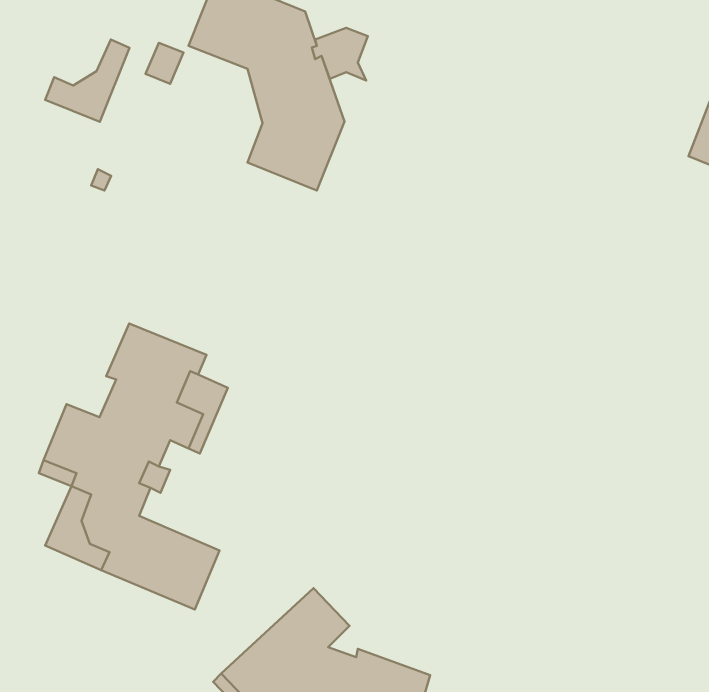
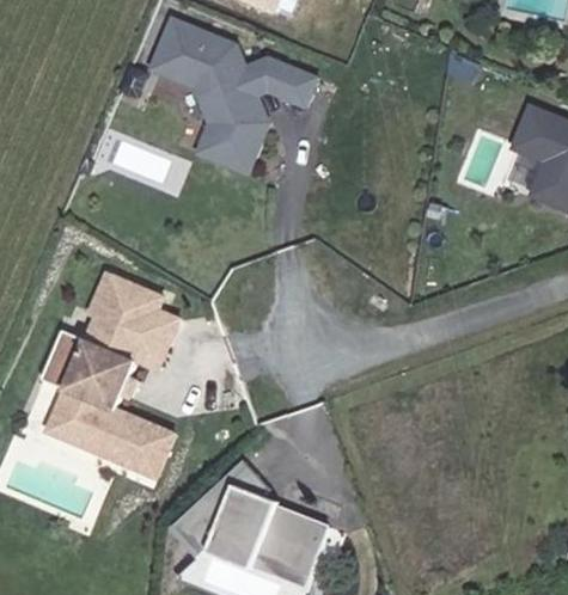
building: none -> [274,62,317,105]
building: [45,40,130,122] -> none

